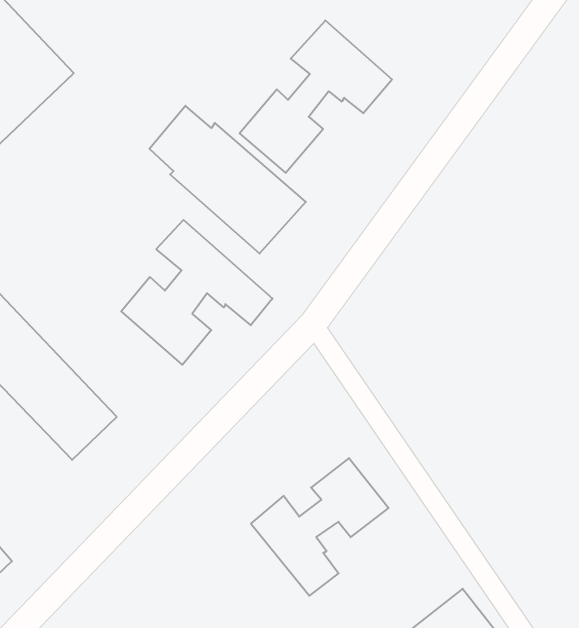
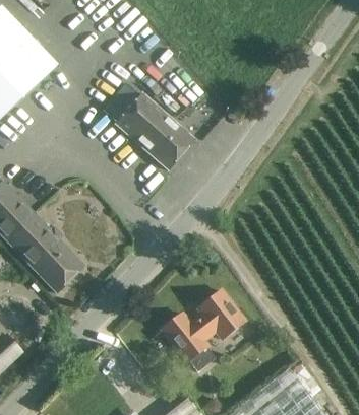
building: [240,20,392,173] -> none
building: [121,220,273,365] -> none

